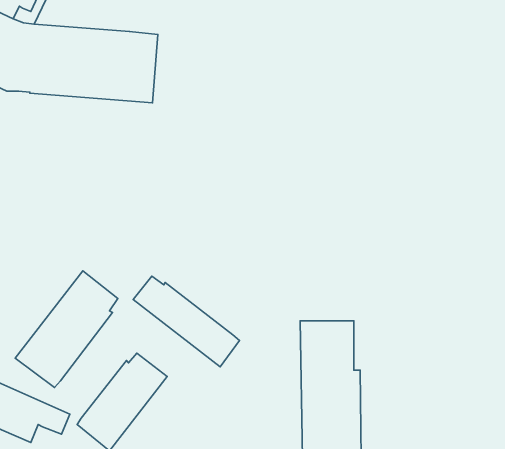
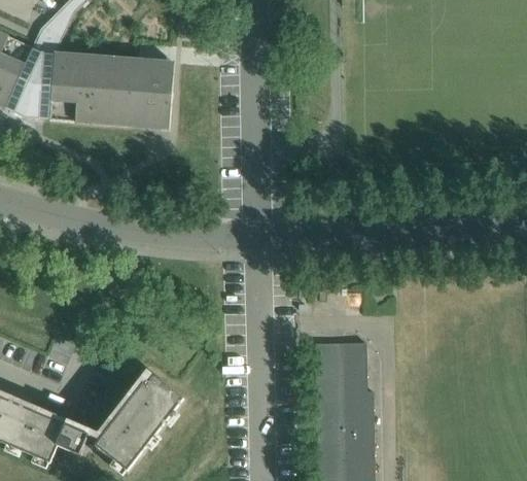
building: [15,271,118,387] -> none
building: [133,276,240,367] -> none

